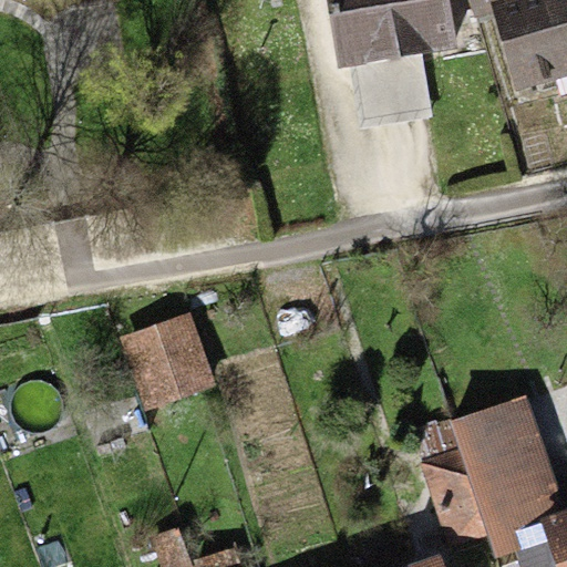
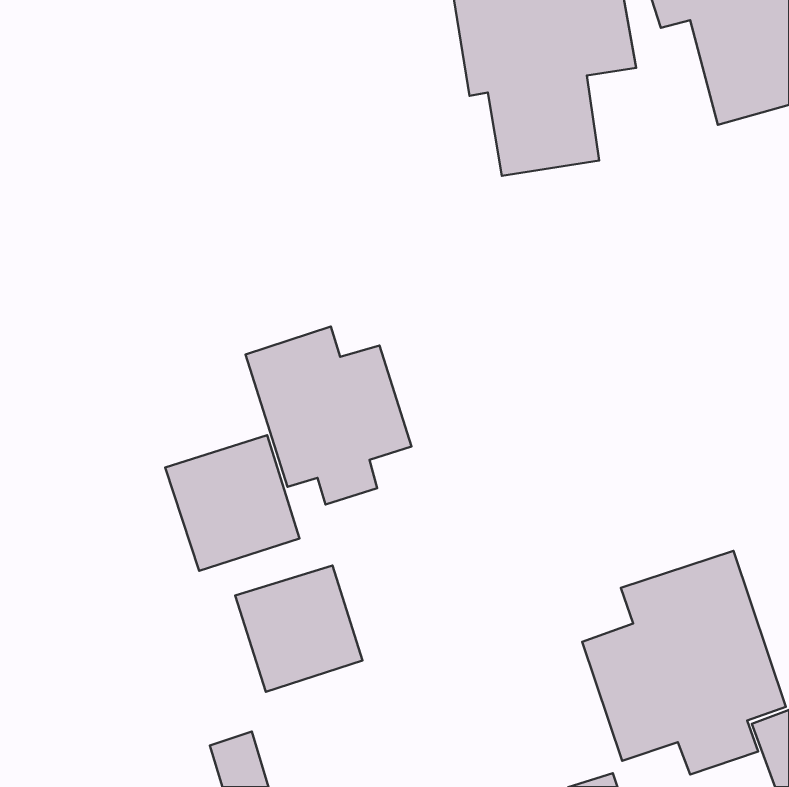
building: none -> [245,326,412,504]
building: none -> [235,566,362,692]

